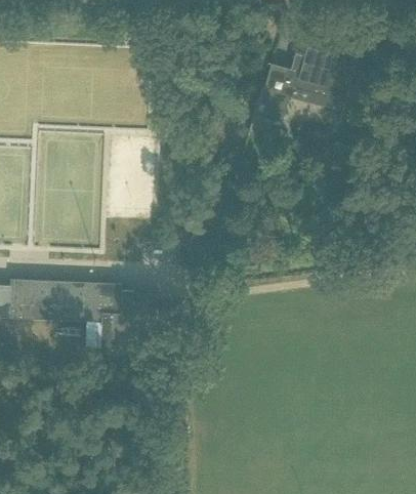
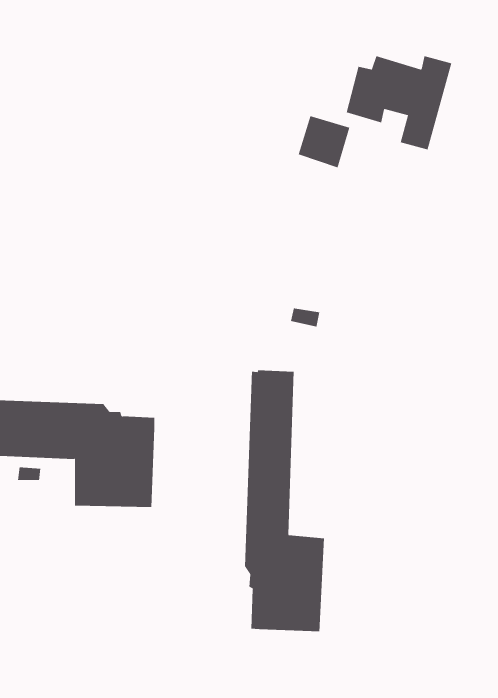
building: none -> [244,370,324,632]

